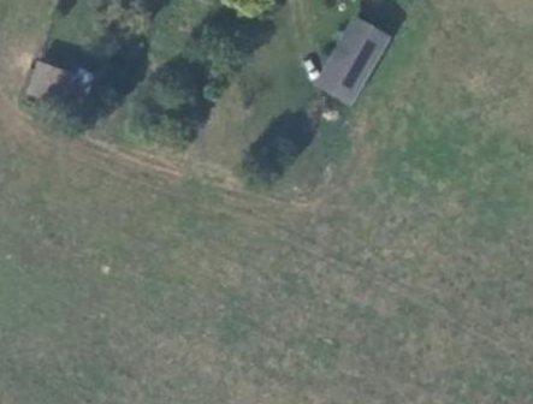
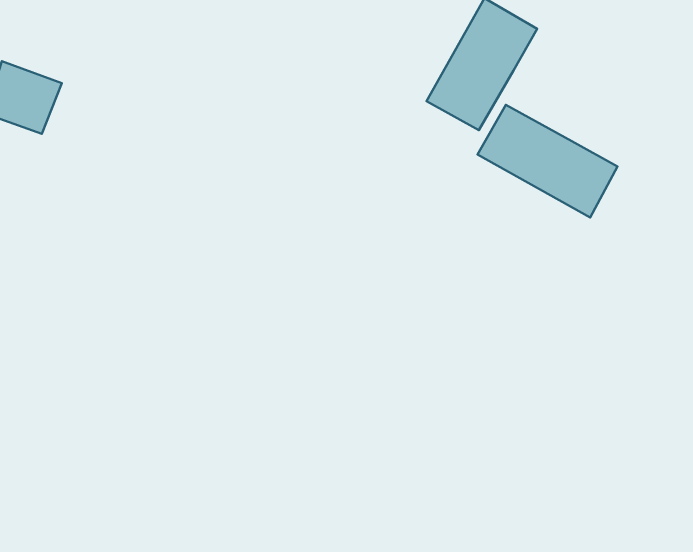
building: none -> [477,105,618,218]

